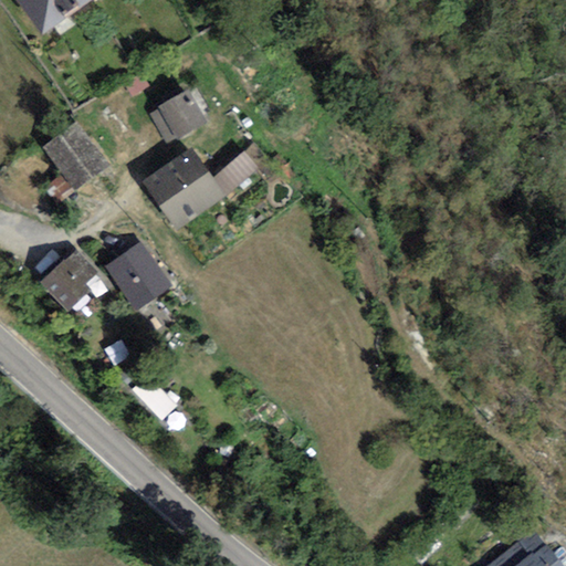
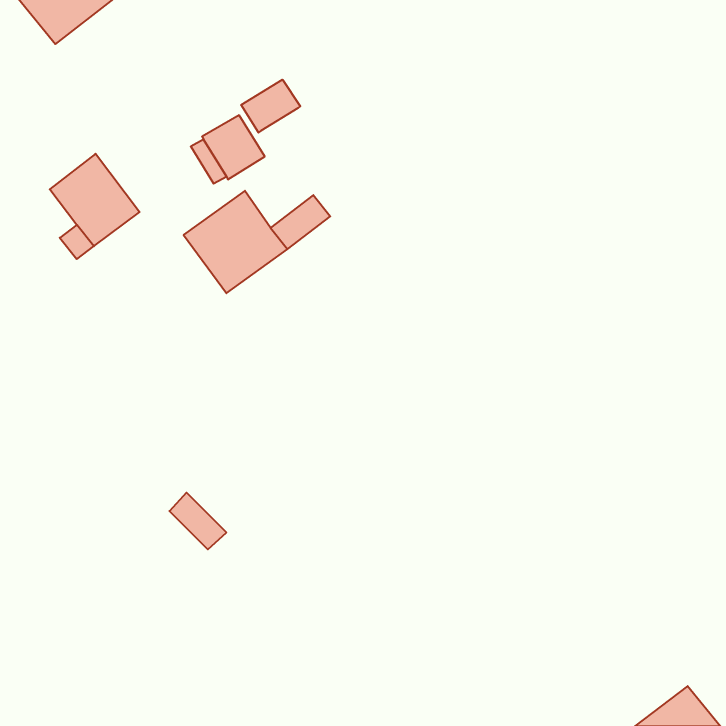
building: none -> [241,80,300,133]
building: [104,242,171,310] -> none
building: [39,249,96,312] -> none

